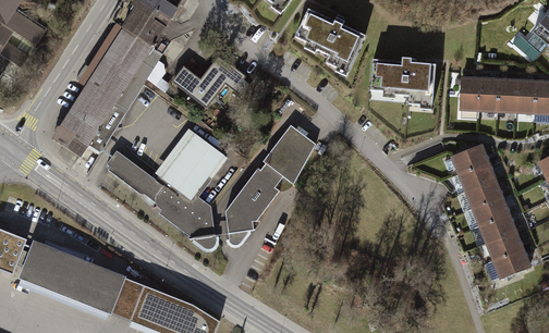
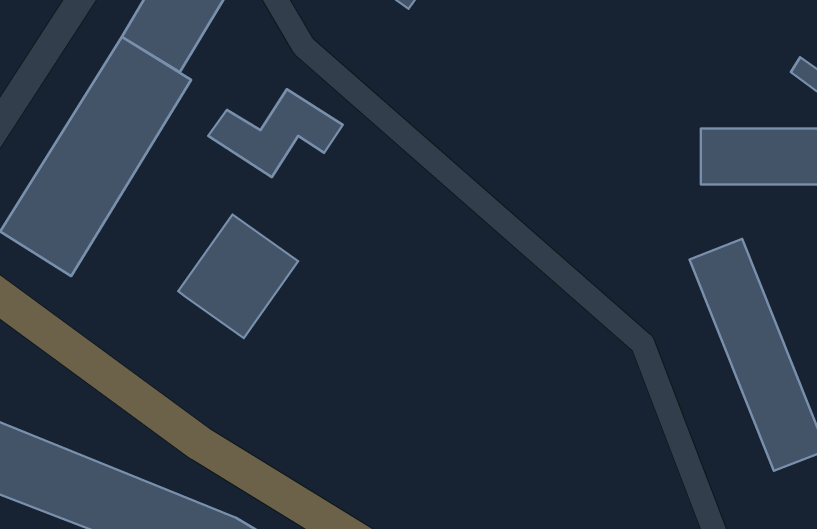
building: [301,11,369,77] -> none
building: [371,57,439,106] -> none
building: [225,124,314,247] -> none
building: [102,150,217,250] -> none

